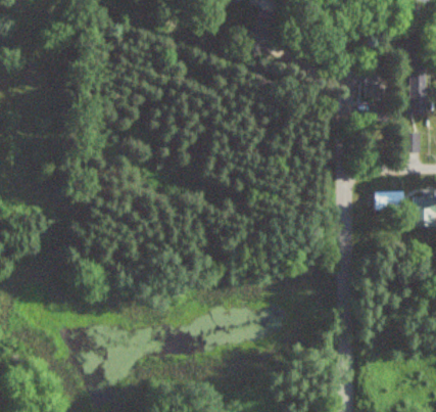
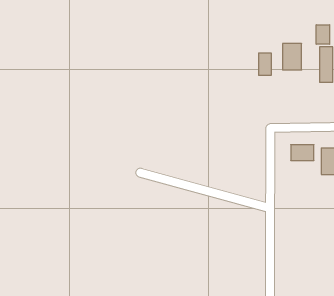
building: none -> [316,25,330,44]
building: none -> [259,53,271,75]

